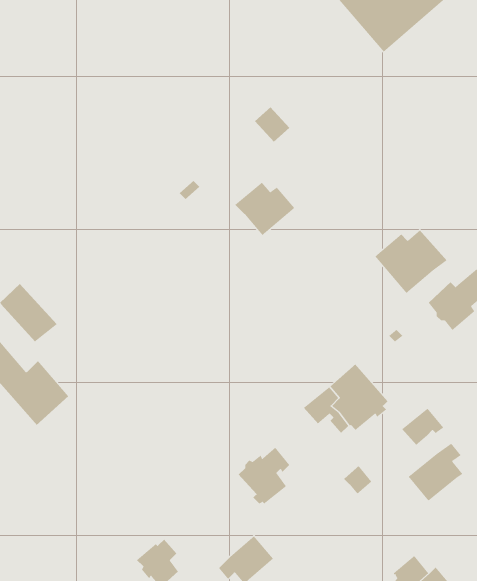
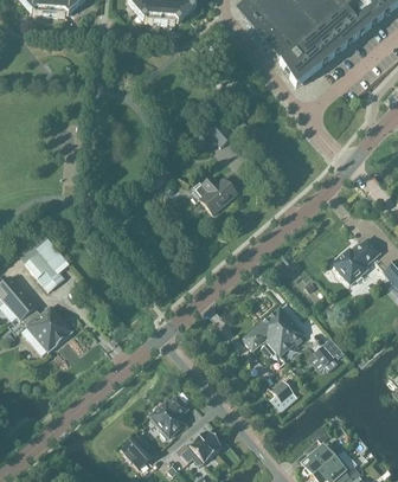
building: [374,230,447,294] -> none
building: [408,443,463,502] -> none
building: [238,447,290,504] -> [150,394,188,436]

